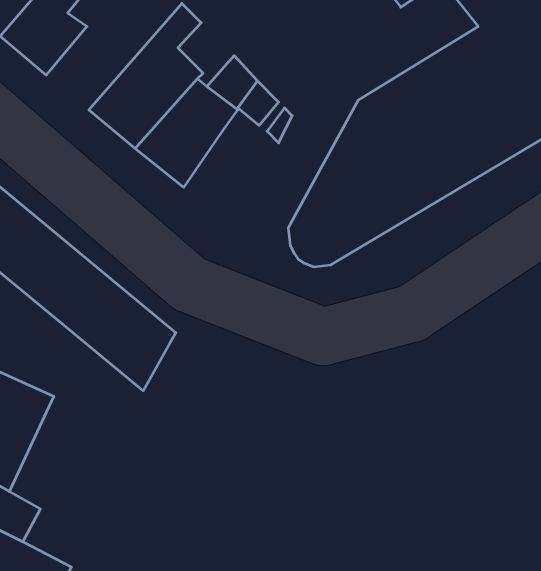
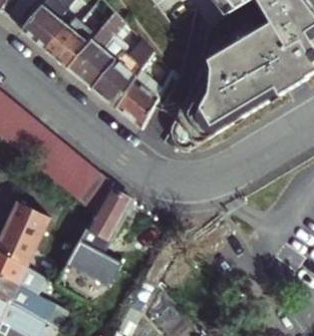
building: none -> [43,16,93,66]
building: none -> [114,77,158,128]
building: none -> [65,187,137,285]

